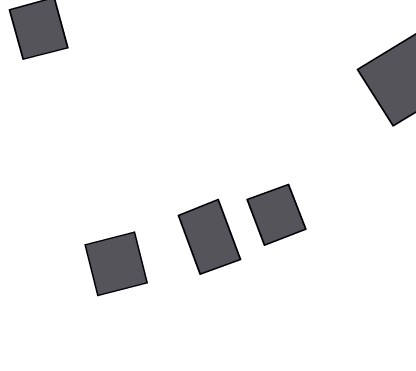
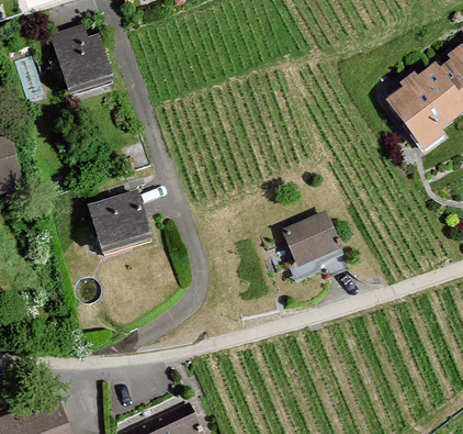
building: [178,200,241,274] -> none
building: [85,232,147,295] -> [86,188,145,248]

